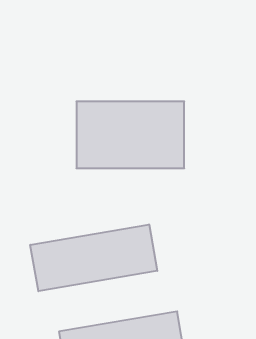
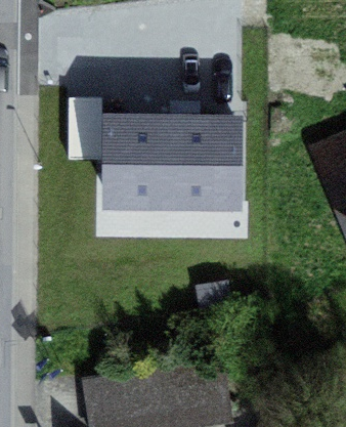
building: [30,224,157,291] -> none

